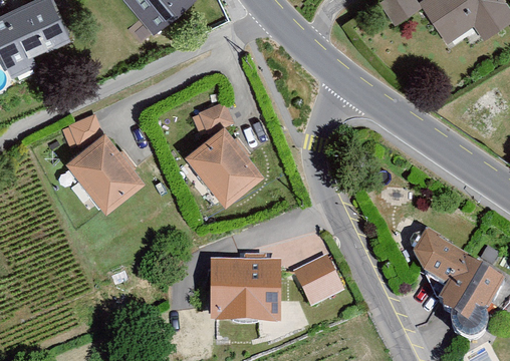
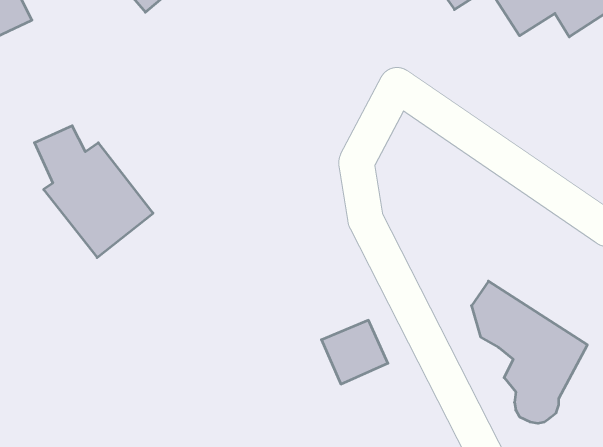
building: [180,95,260,204] -> none
building: [210,264,278,322] -> none

